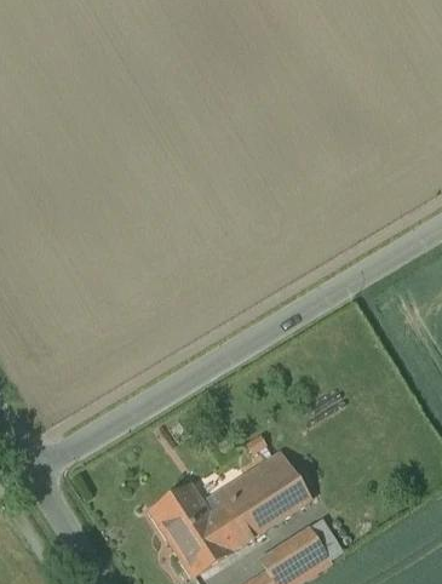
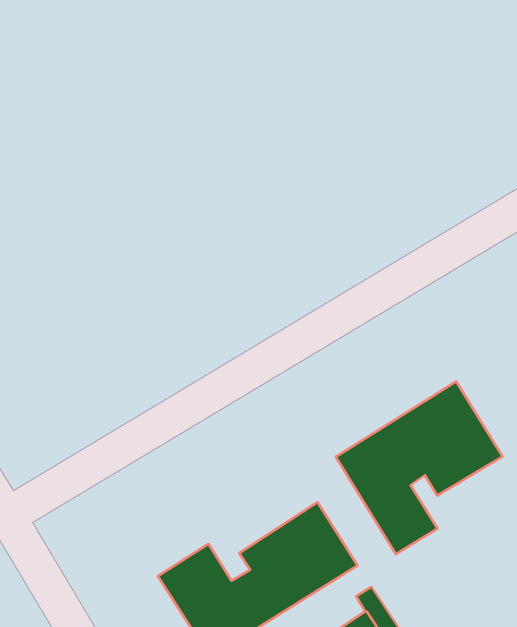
building: none -> [336,382,502,554]

